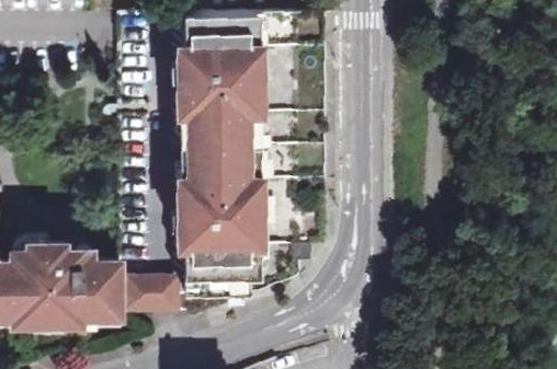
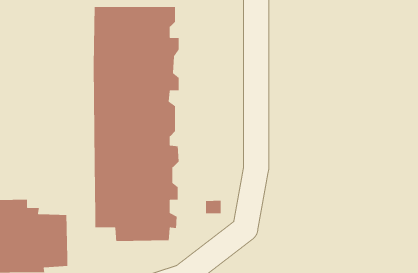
building: [133,261,184,313] -> none

